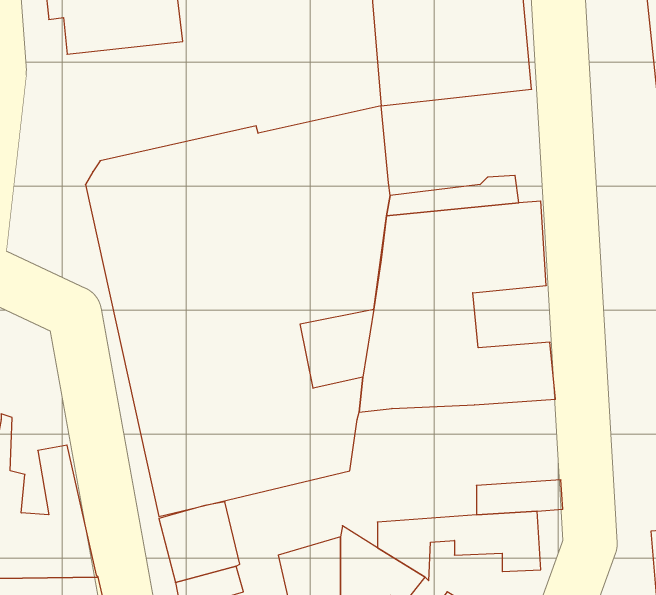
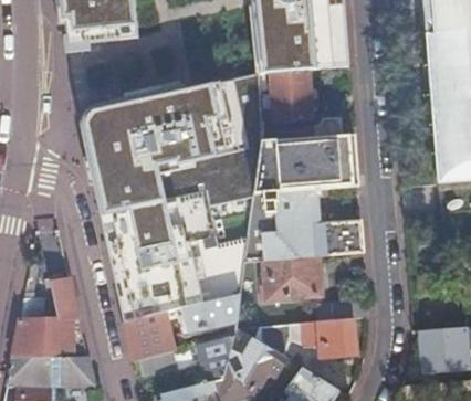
building: none -> [260,71,315,123]
building: none -> [266,256,320,296]
building: none -> [182,296,241,335]

